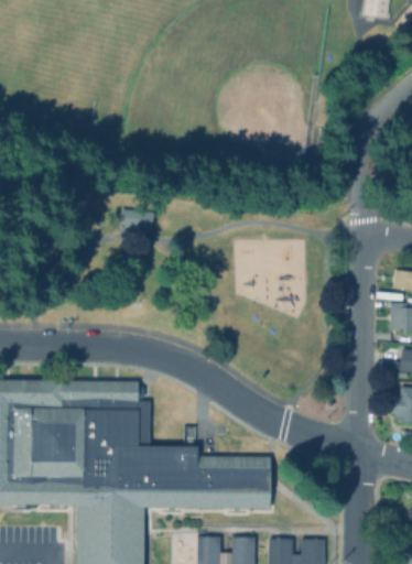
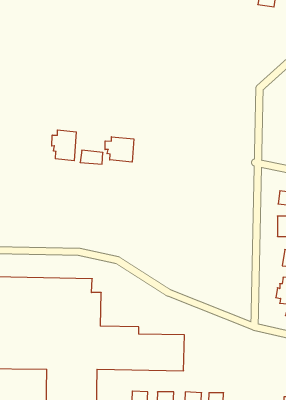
building: none -> [52,130,76,161]
building: none -> [105,137,134,162]

